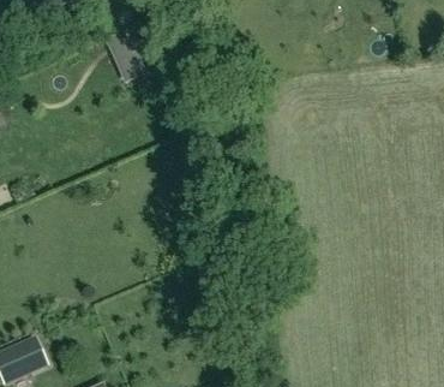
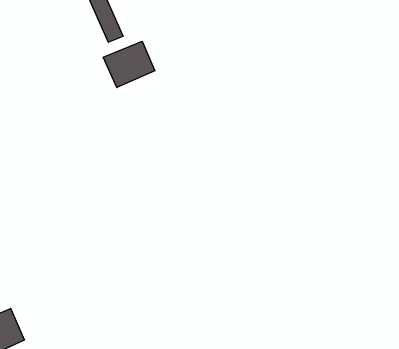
building: none -> [103,41,155,88]

